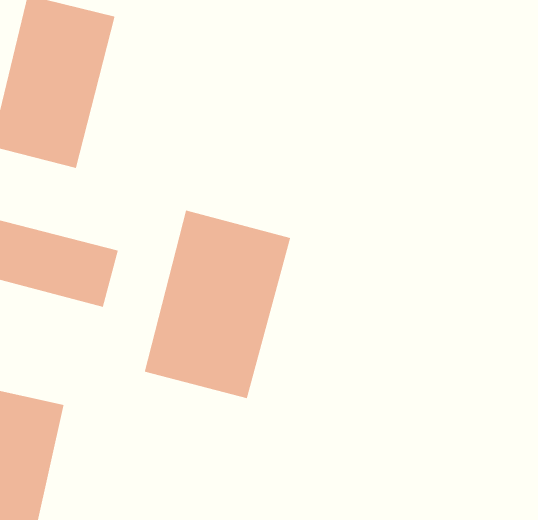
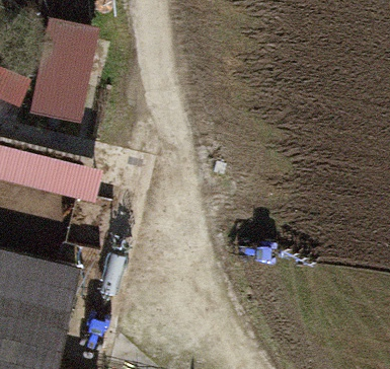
building: [144,210,291,399] -> none

